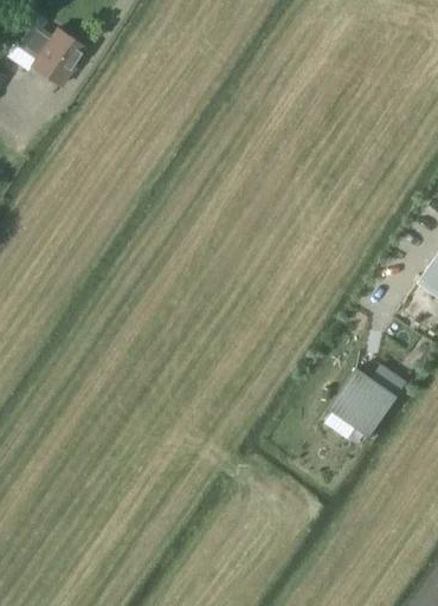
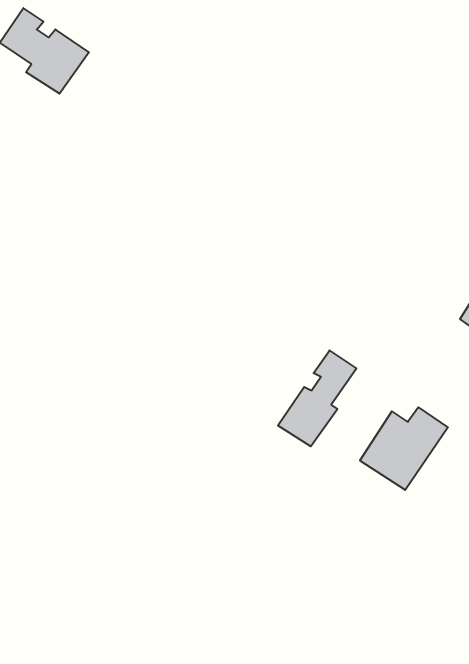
building: none -> [278,350,356,446]

